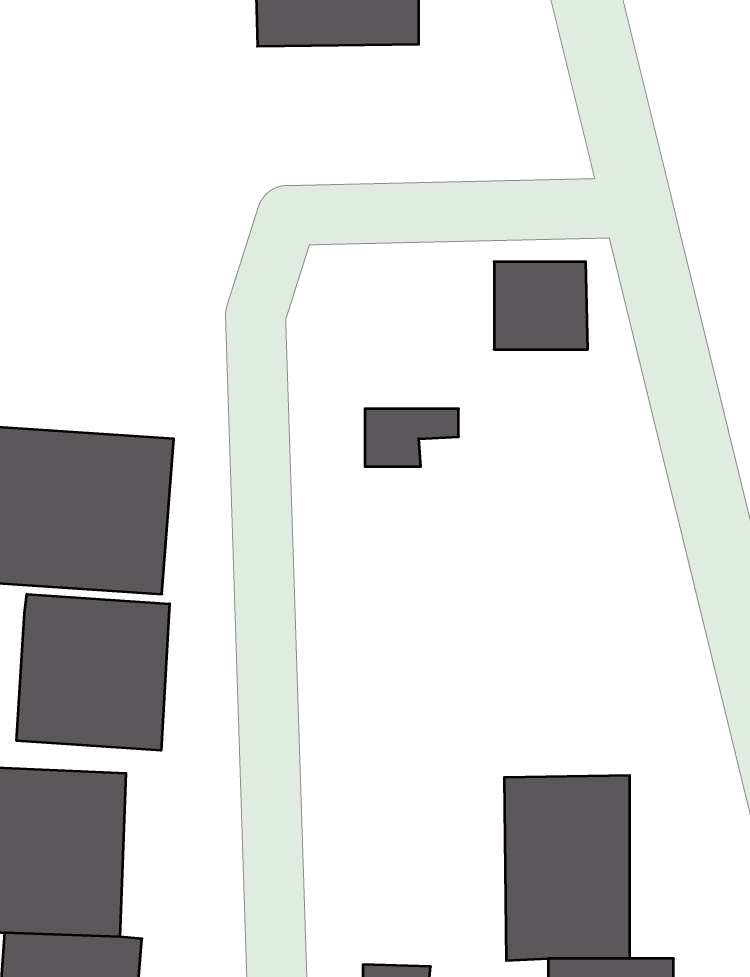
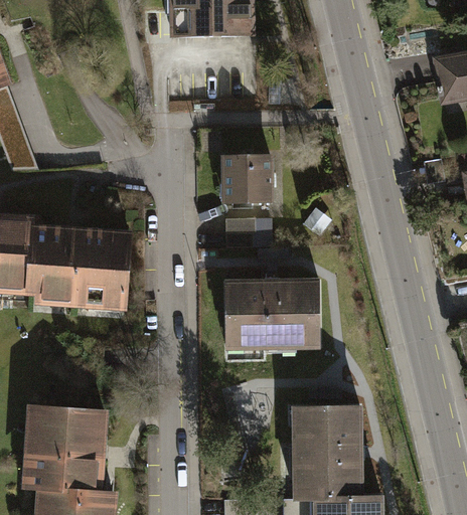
building: [494,262,588,349] -> [224,161,272,205]
building: none -> [226,280,320,350]
building: [17,594,170,750] -> none

